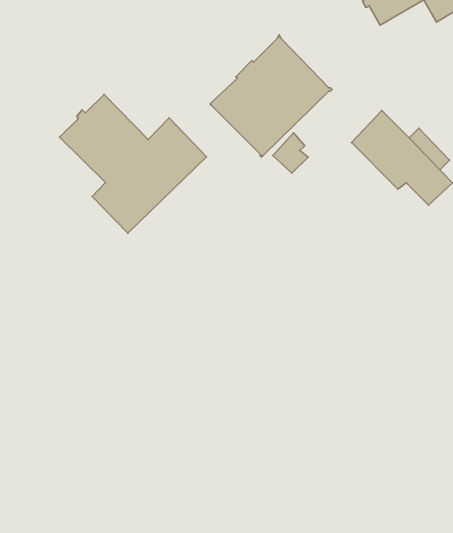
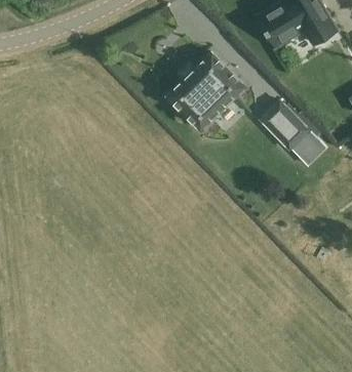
building: [60,95,207,233] -> none

